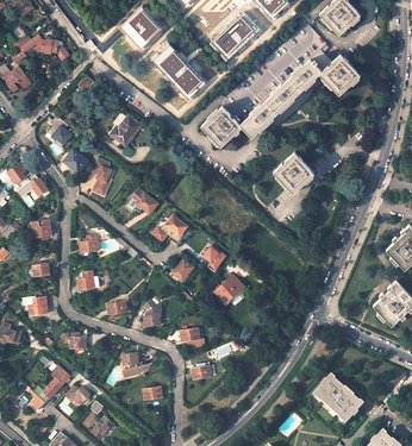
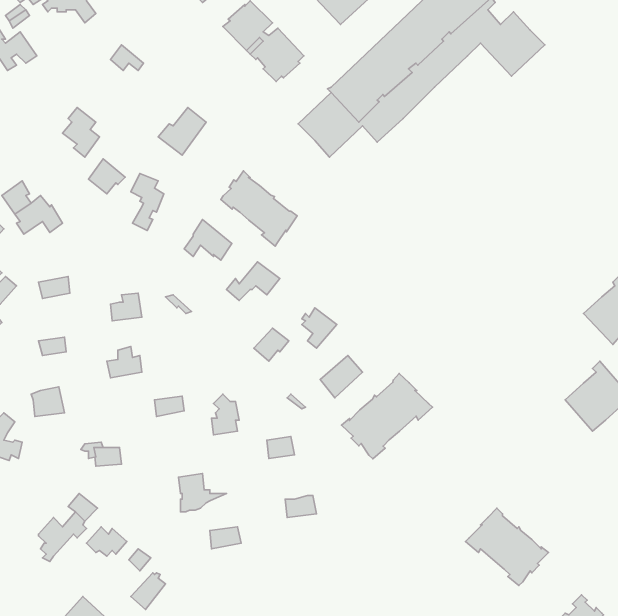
building: [271,151,313,191] -> none
building: none -> [221,171,297,246]
building: none -> [341,374,433,459]

